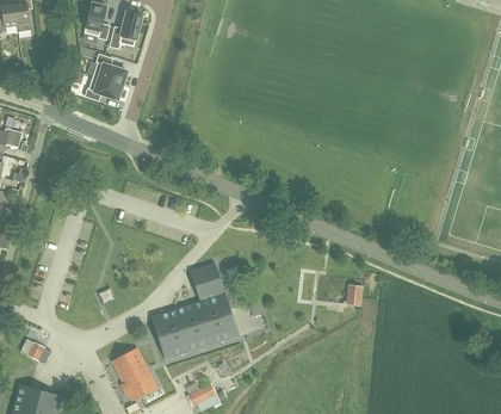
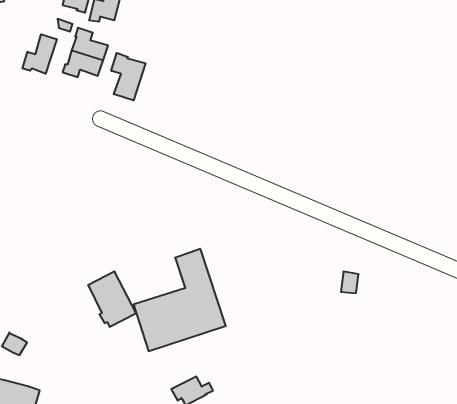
building: none -> [22,34,57,74]
building: none -> [111,53,145,100]
building: [111,347,156,400] -> [88,271,136,327]

